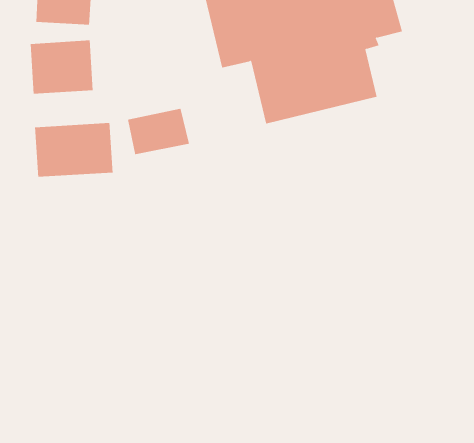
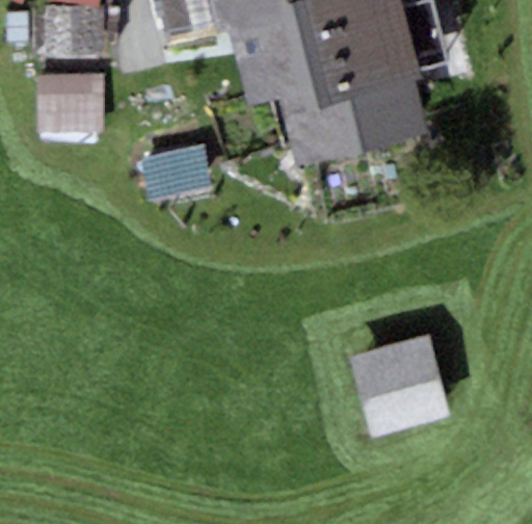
building: [34,122,113,178] -> none
building: none -> [350,336,450,436]

